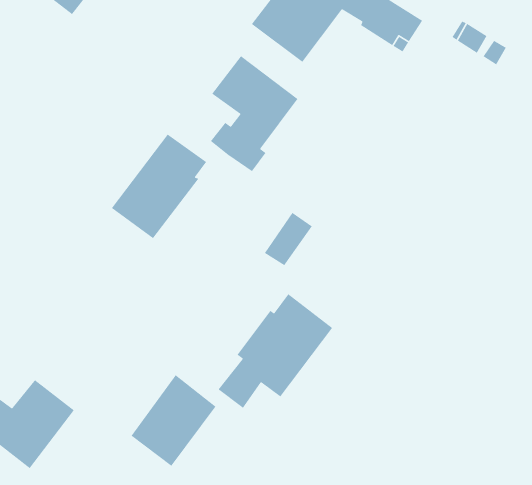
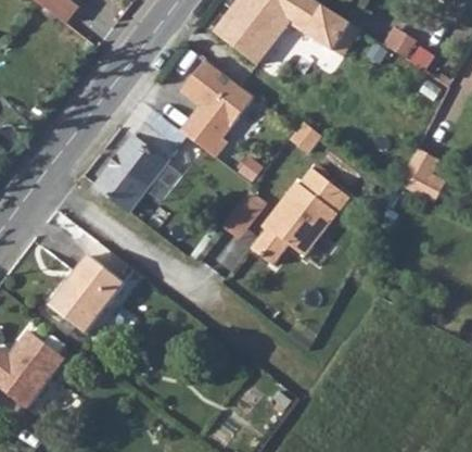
building: none -> [395,143,443,200]
building: [217,293,333,409] -> [252,165,349,263]
building: [130,374,216,467] -> [51,254,124,332]

